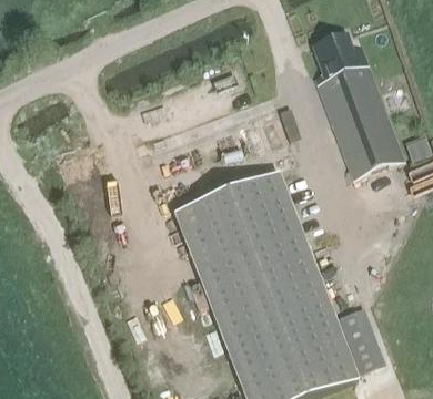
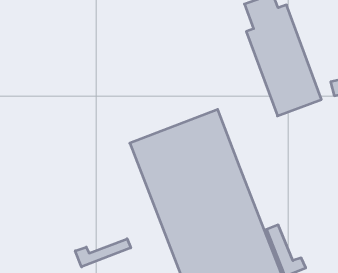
building: none -> [75,239,131,267]

